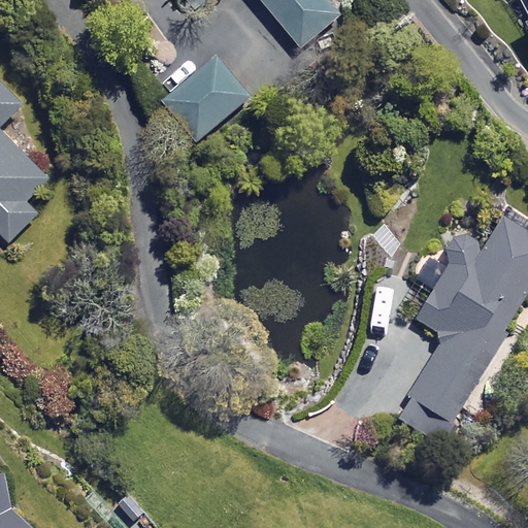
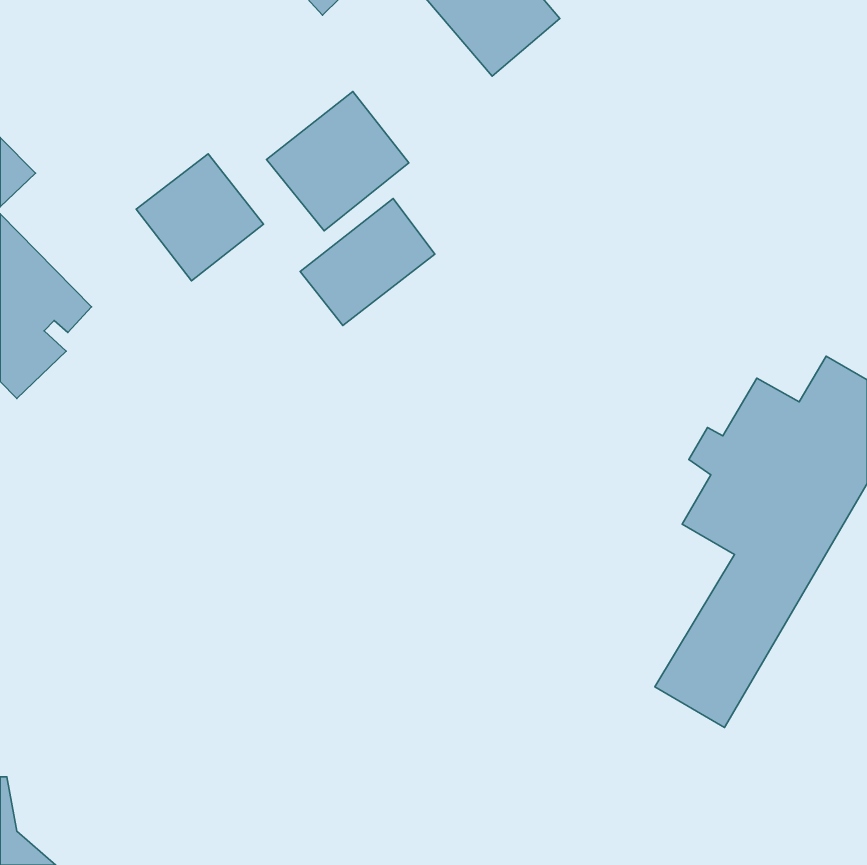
building: none -> [136,154,263,281]
building: none -> [300,199,435,326]

